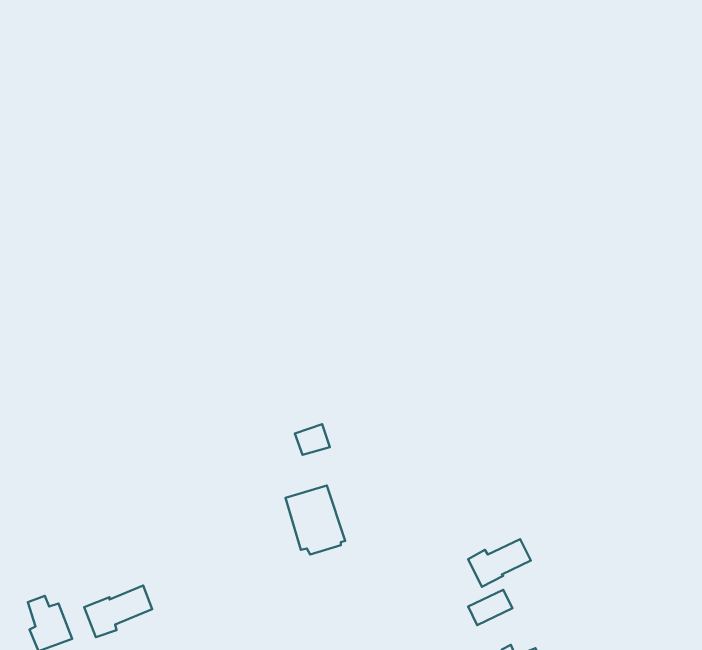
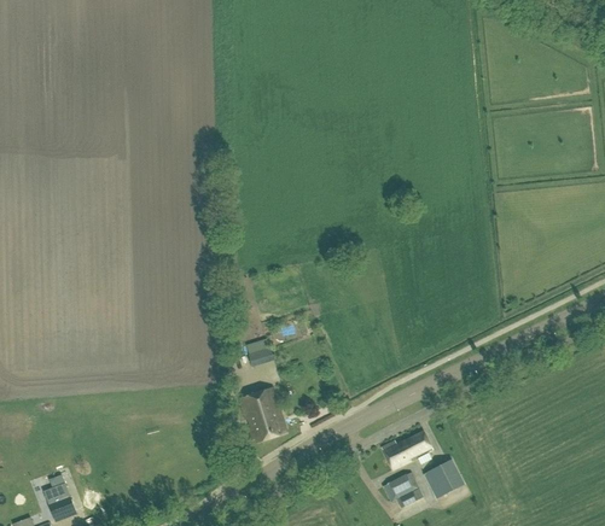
building: none -> [423,457,465,496]
building: [84,585,152,637] -> none

